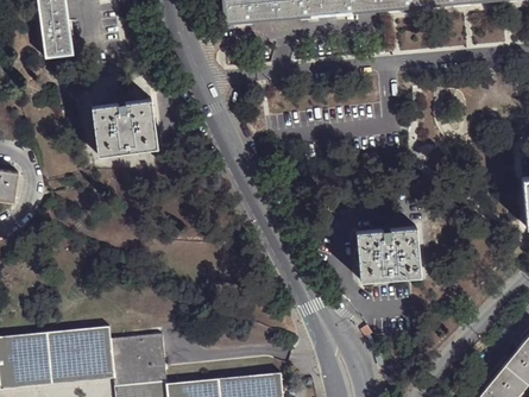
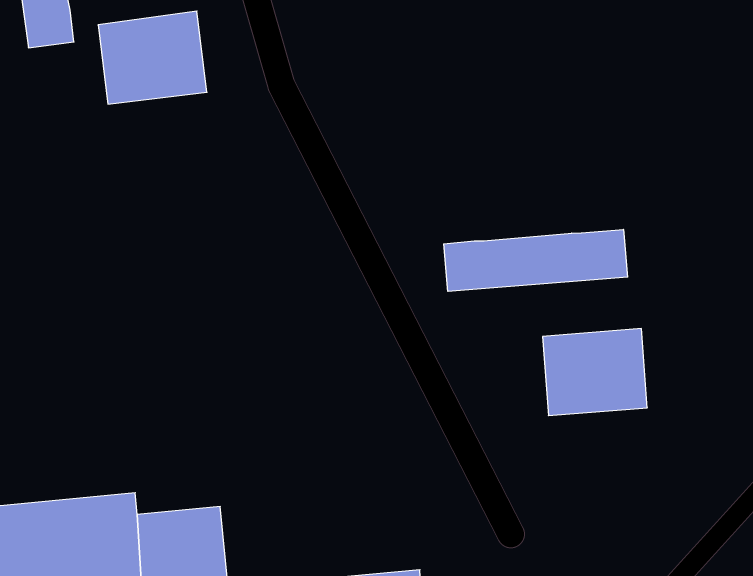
building: [92,99,157,155] -> [98,11,207,104]
building: none -> [444,229,628,291]

